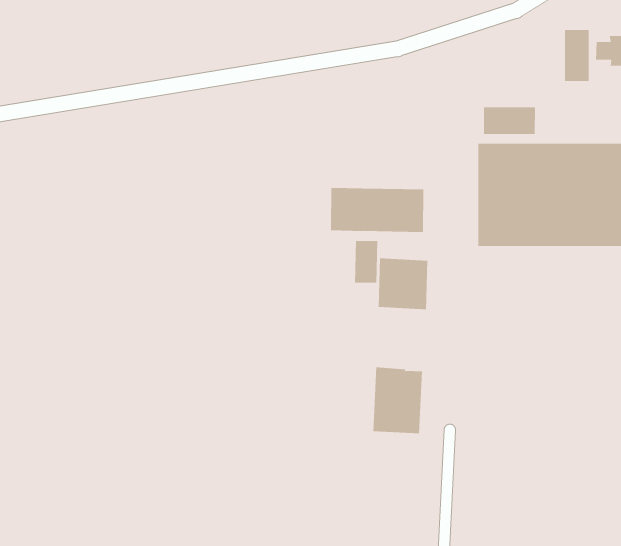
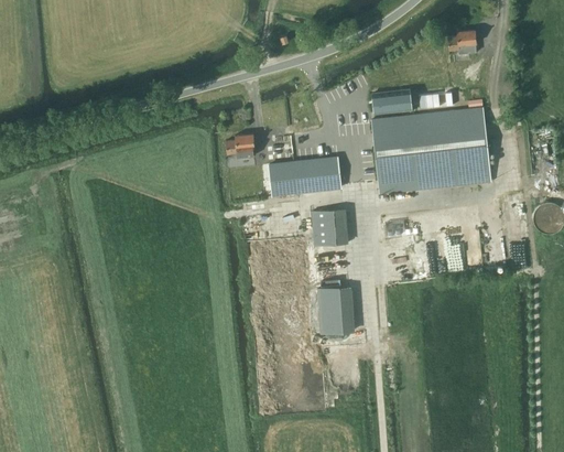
building: [565,29,589,82] -> none
building: none -> [226,133,254,158]
building: [354,240,378,284] -> none

